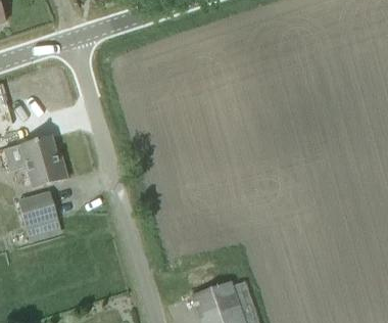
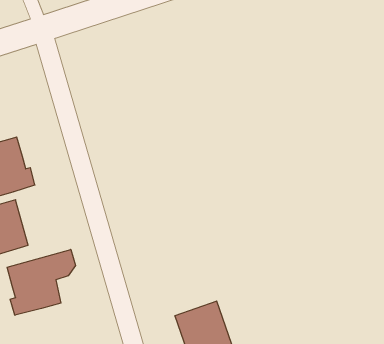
building: none -> [7,249,76,315]

